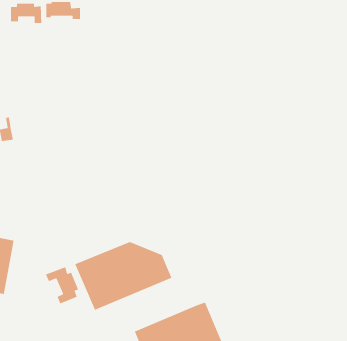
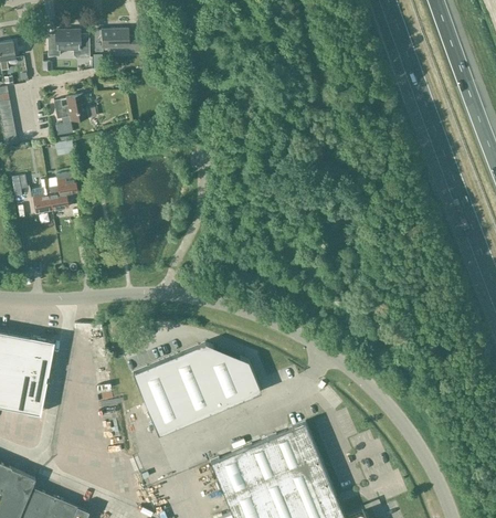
building: none -> [53,94,96,121]
building: none -> [49,172,77,211]
building: [45,266,79,305] -> none

